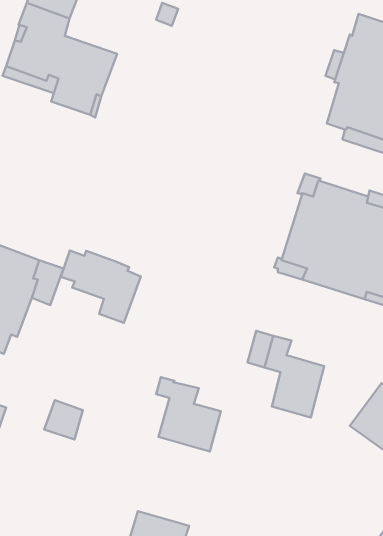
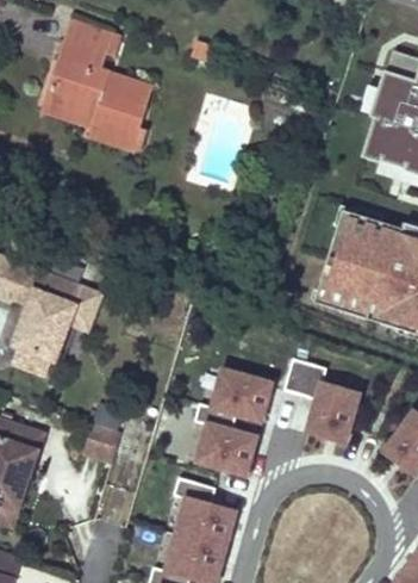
building: [61,251,141,323] -> none
building: none -> [210,368,270,421]
building: none -> [173,477,235,548]

